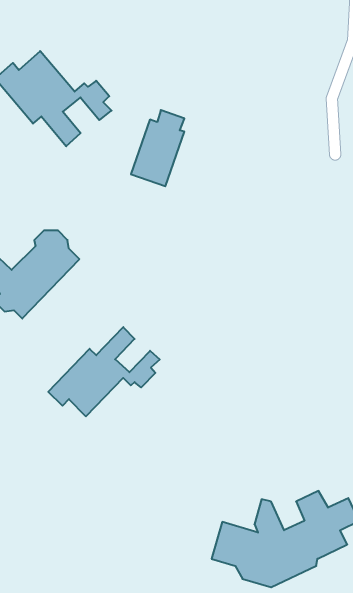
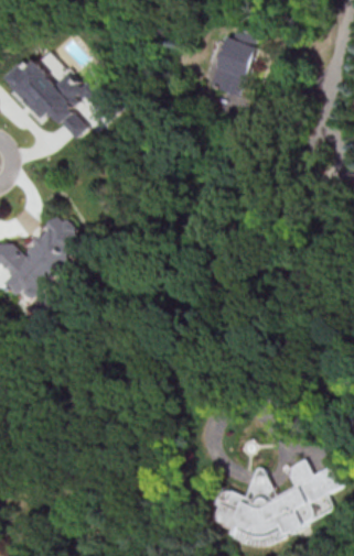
building: [131,110,184,186] -> [207,26,257,97]
building: [48,327,160,416] -> none

